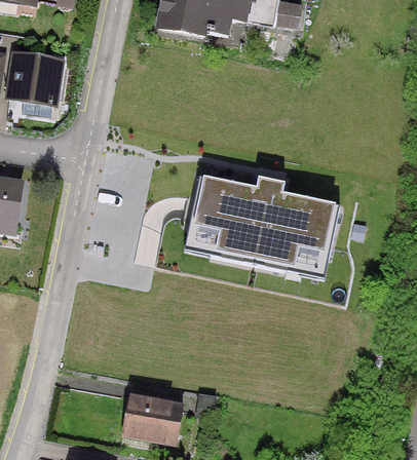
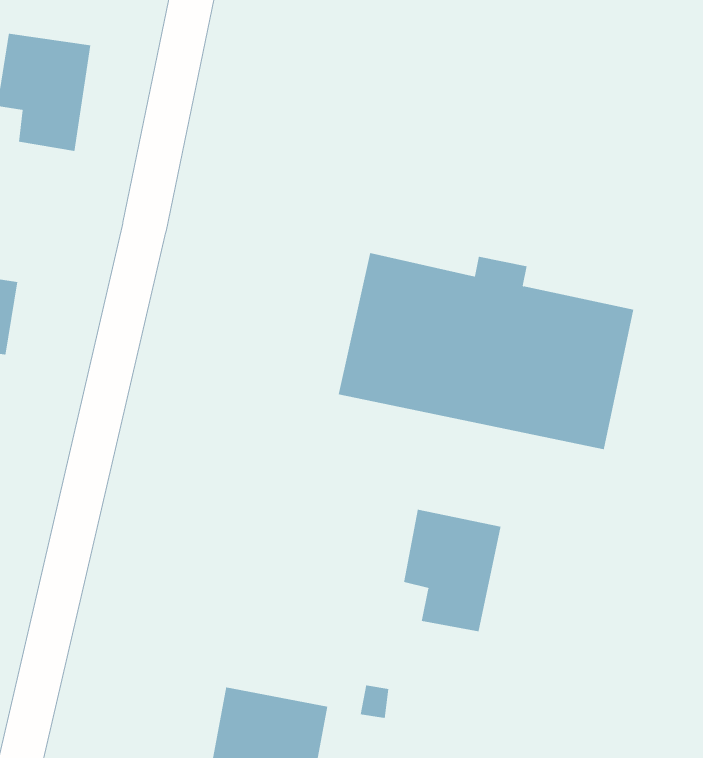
building: none -> [403,509,501,632]

